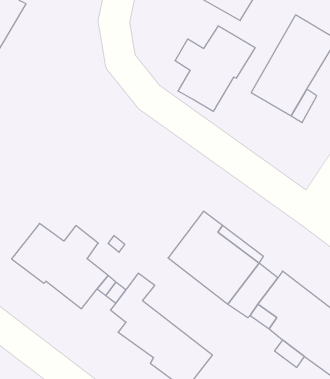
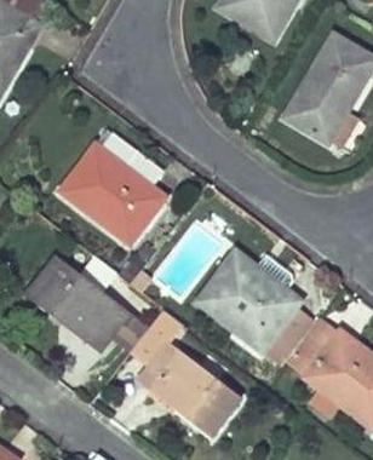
building: [175,26,255,111] -> none
building: none -> [61,134,165,247]

